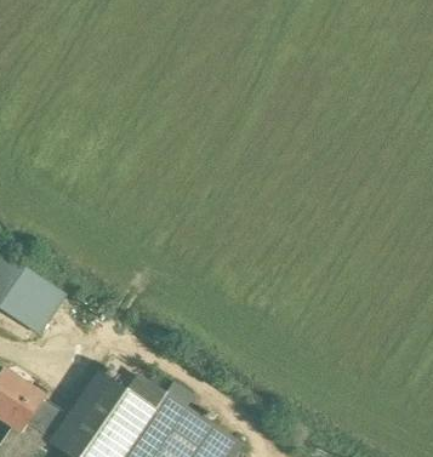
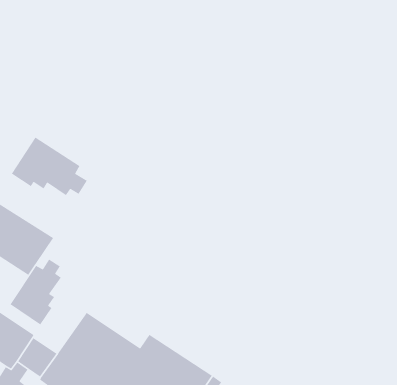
building: none -> [11,137,88,196]
building: none -> [9,259,62,326]

